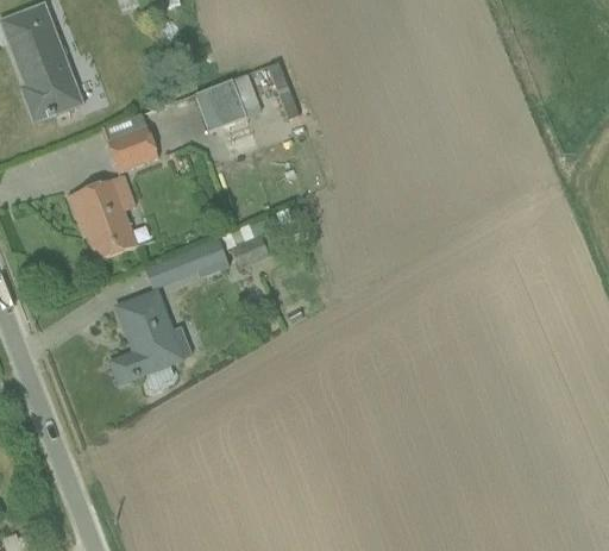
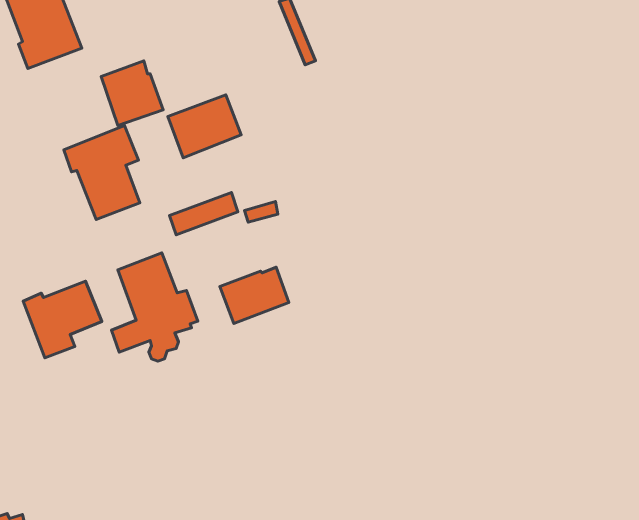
building: [193,73,260,131] -> [168,95,241,158]
building: none -> [220,267,289,324]
building: none -> [23,281,102,358]

